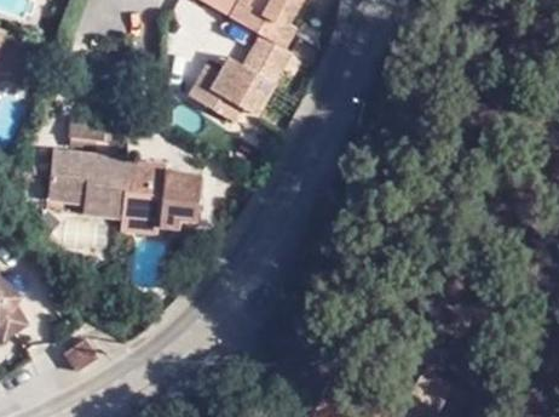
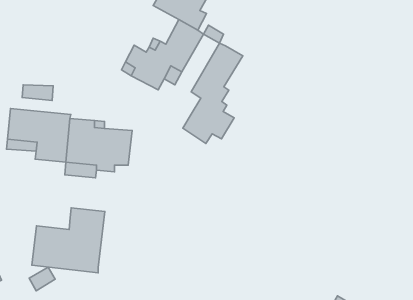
building: none -> [183,43,243,144]
building: none -> [32,208,105,273]

